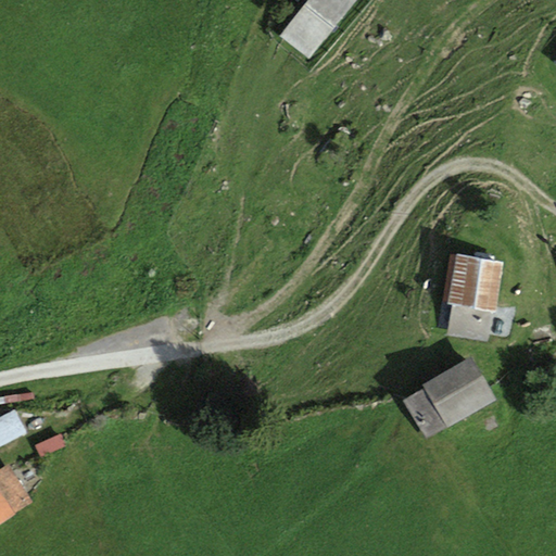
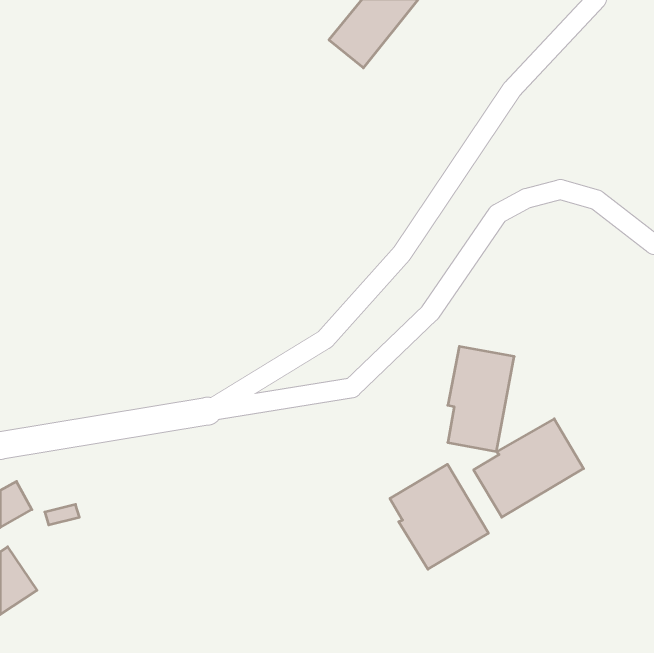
building: [446,252,503,341] -> [448,346,514,451]
building: none -> [390,464,488,569]

